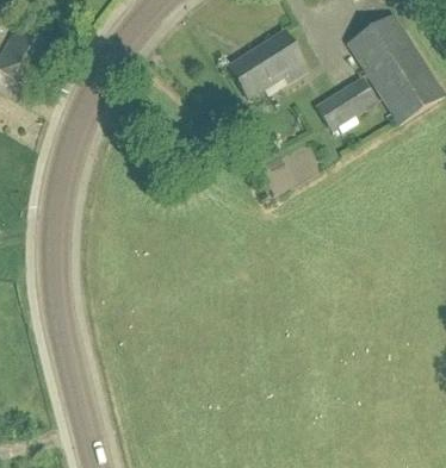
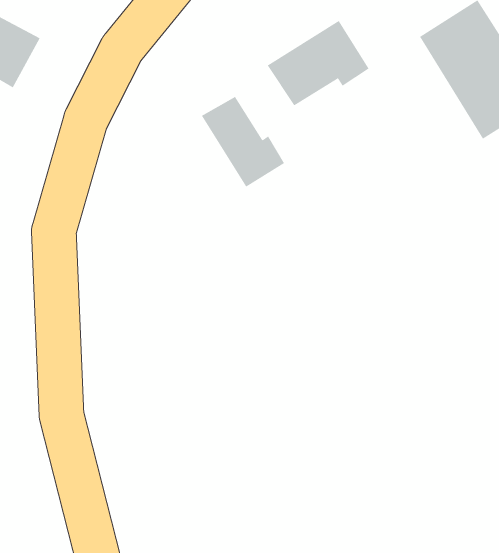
building: [315,76,378,130] -> none
building: none -> [201,96,285,188]

